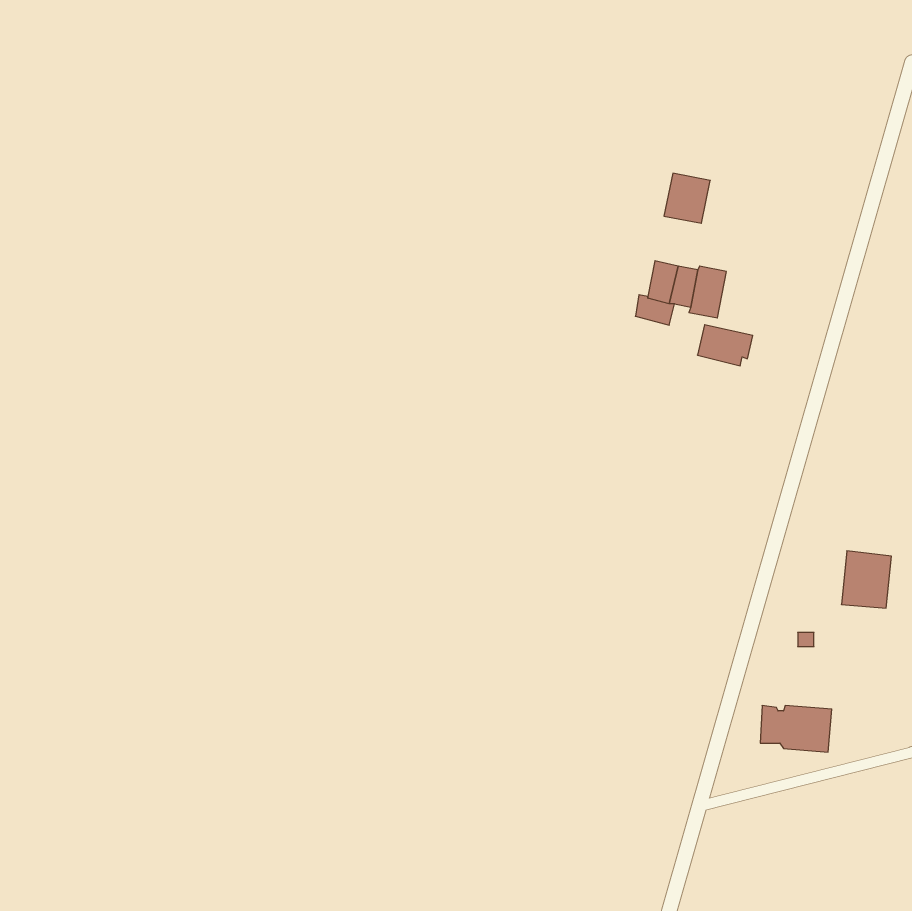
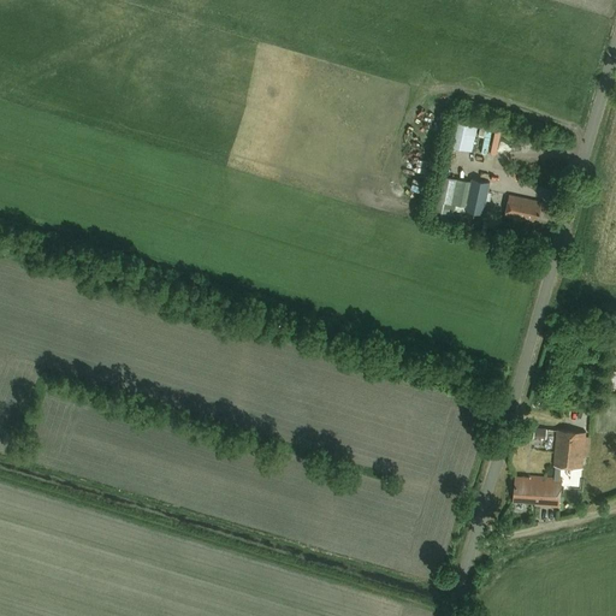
building: [697,325,753,366] -> [505,195,543,223]
building: [841,551,891,608] -> [552,430,586,468]

